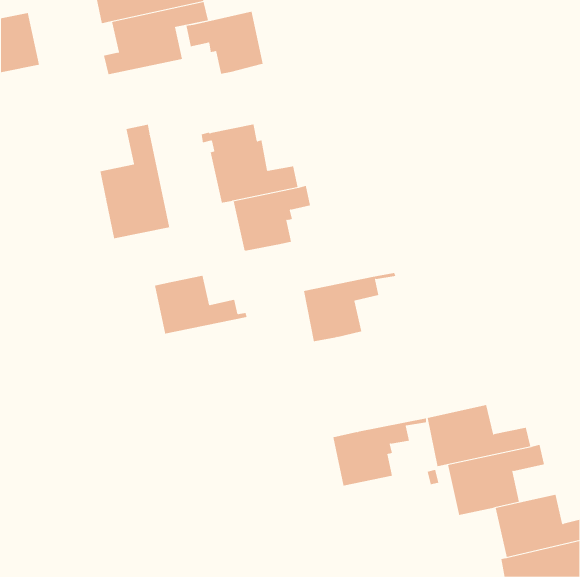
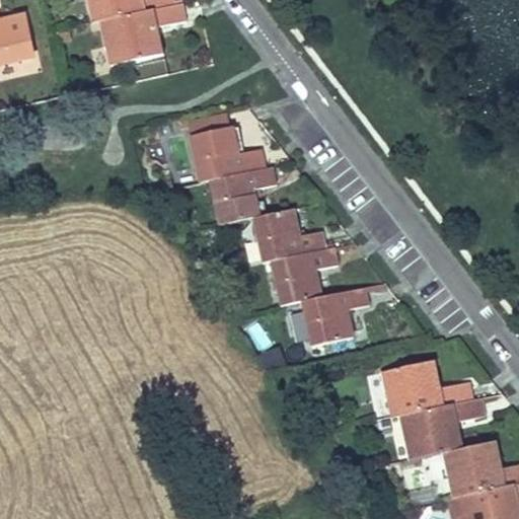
building: [186,11,264,75] -> none
building: [100,124,170,239] -> none
building: [154,275,247,334] -> [251,209,335,262]
building: [333,418,427,486] -> [301,284,385,345]

